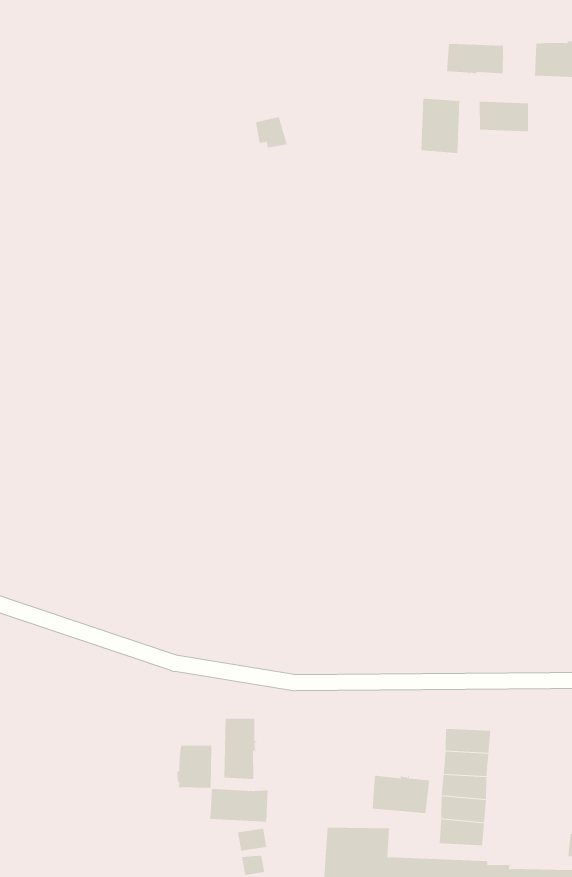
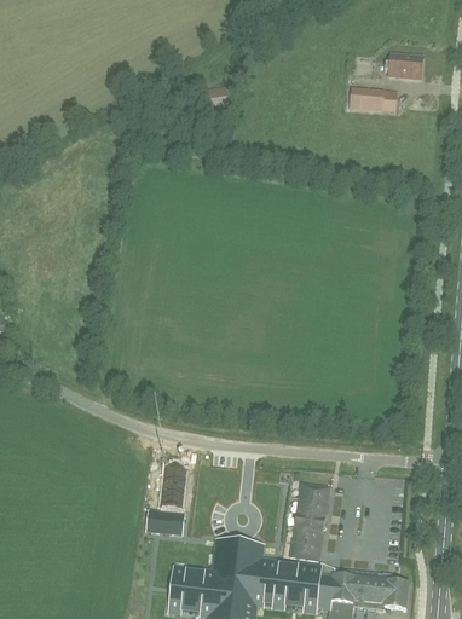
building: [447,43,504,76] -> none
building: [421,98,460,154] -> none
building: [177,745,212,788] -> none
building: [372,774,430,814] -> none

